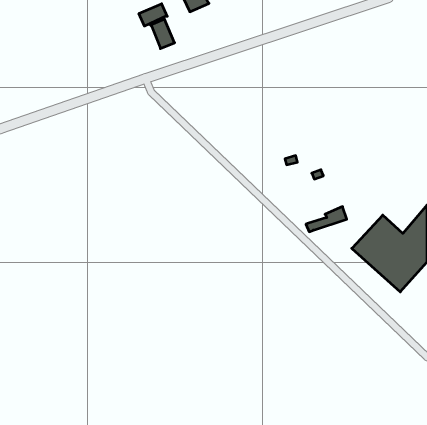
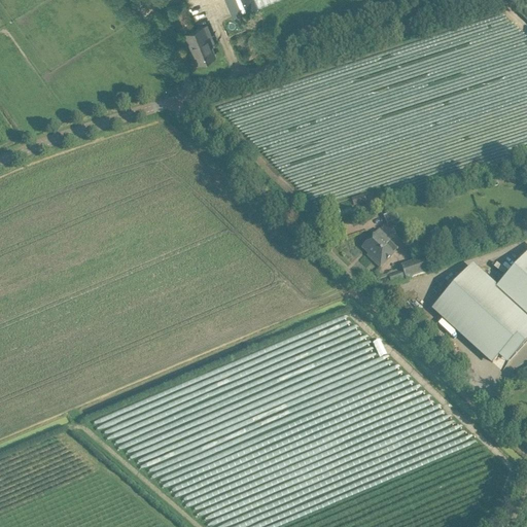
building: [139,4,167,26] -> none
building: none -> [361,227,397,266]

